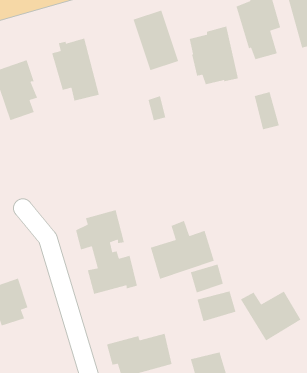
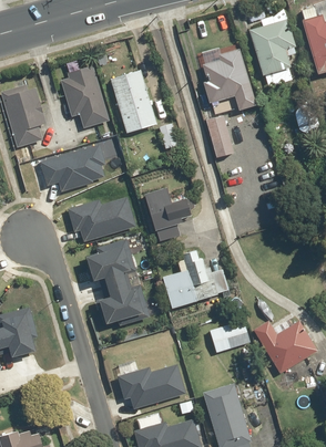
building: [132,9,179,71] -> [109,70,156,133]
building: [254,91,280,130] -> [206,117,233,157]
building: none -> [40,145,105,191]
building: none -> [143,186,196,231]
building: none -> [67,197,135,242]
building: [190,264,224,293] -> none

